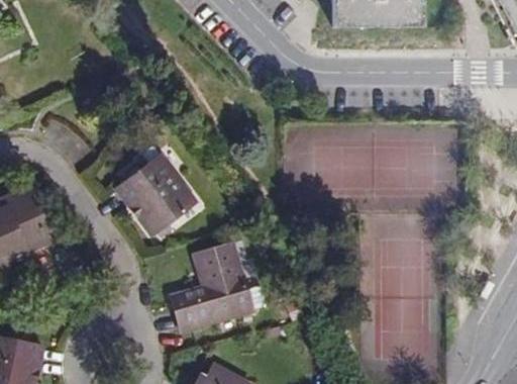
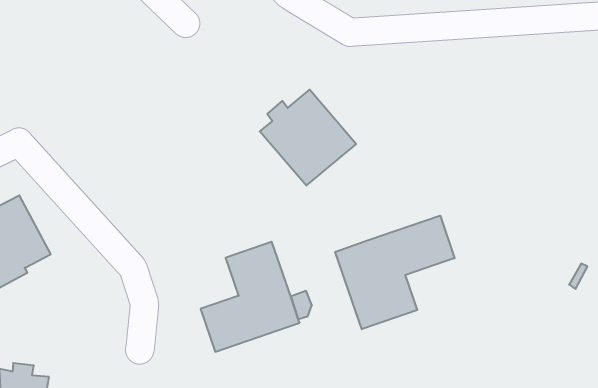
building: [115,156,195,235] -> [260,90,356,186]
building: none -> [335,216,455,329]

